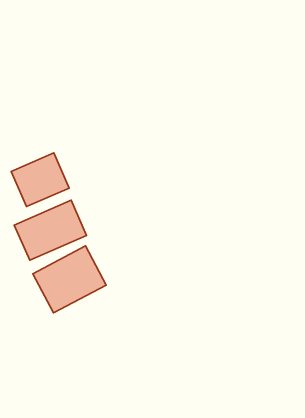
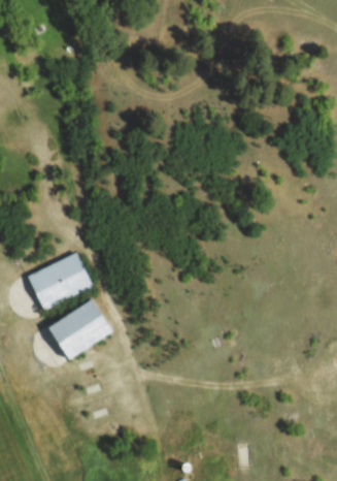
building: [11,153,69,207] -> none

